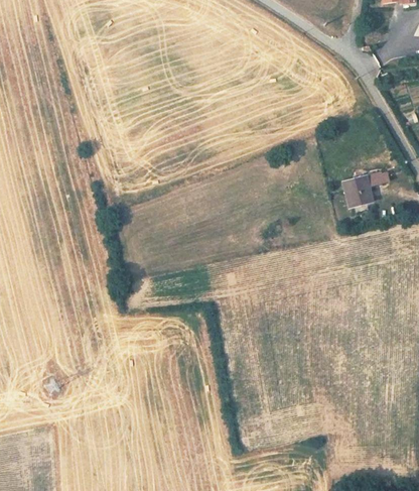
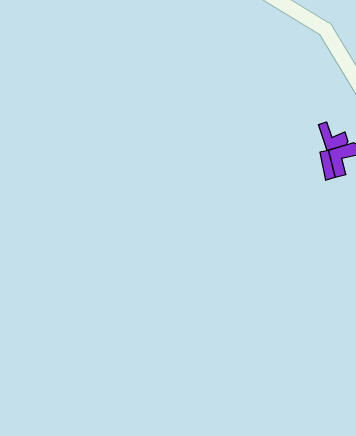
building: none -> [318,122,348,150]

